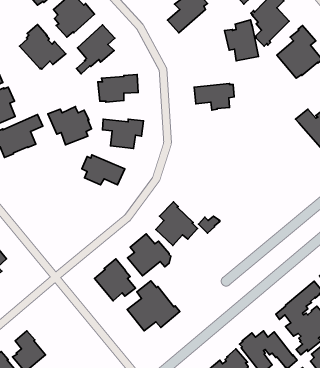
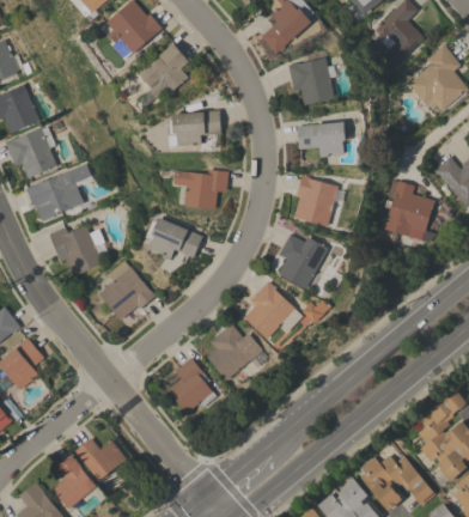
building: [225,20,258,61] -> [288,50,334,105]
building: [19,25,66,69] -> none
building: [48,107,91,145] -> [49,225,108,276]
building: none -> [294,175,345,226]
building: none -> [383,180,437,244]
building: none -> [278,235,329,290]
building: none -> [98,261,156,321]
building: [127,281,180,331] -> none
building: none -> [75,438,127,482]

